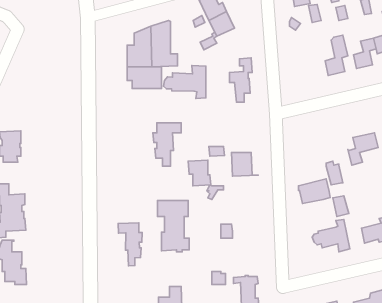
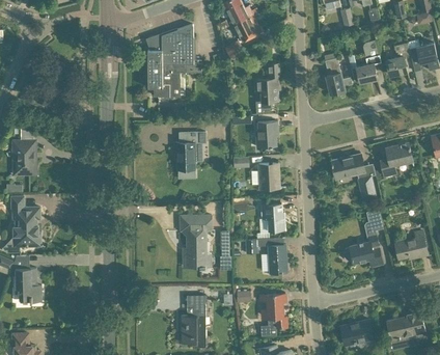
building: none -> [325,57,352,93]
building: [163,65,206,98] -> none
building: none -> [255,120,278,147]
building: [188,160,211,186] -> [260,203,284,230]
building: [299,179,330,203] -> [331,153,364,179]
building: [118,223,142,266] -> none
building: none -> [267,244,286,276]

